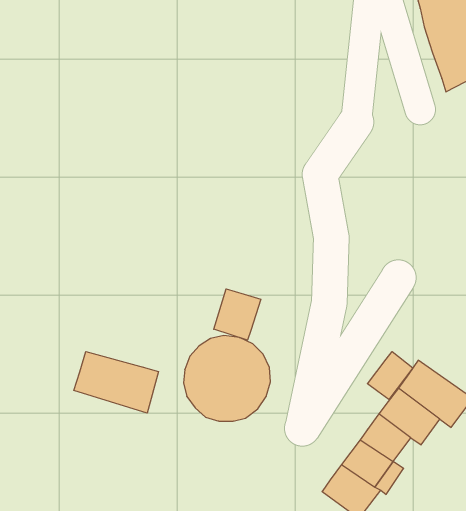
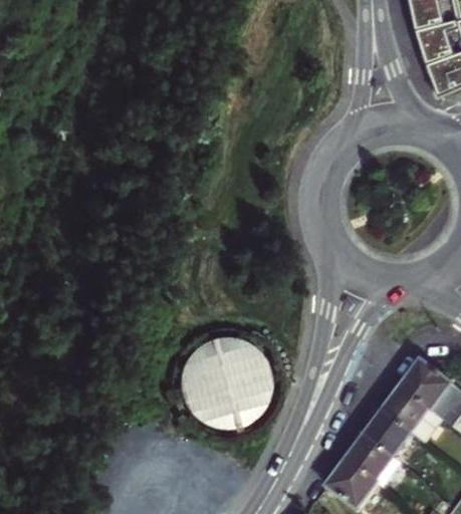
building: [214,289,261,340] -> none
building: [74,352,159,413] -> none
building: [367,352,413,400] -> none

